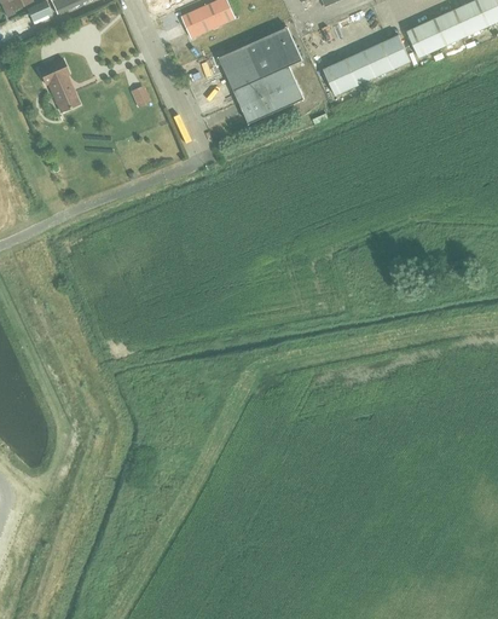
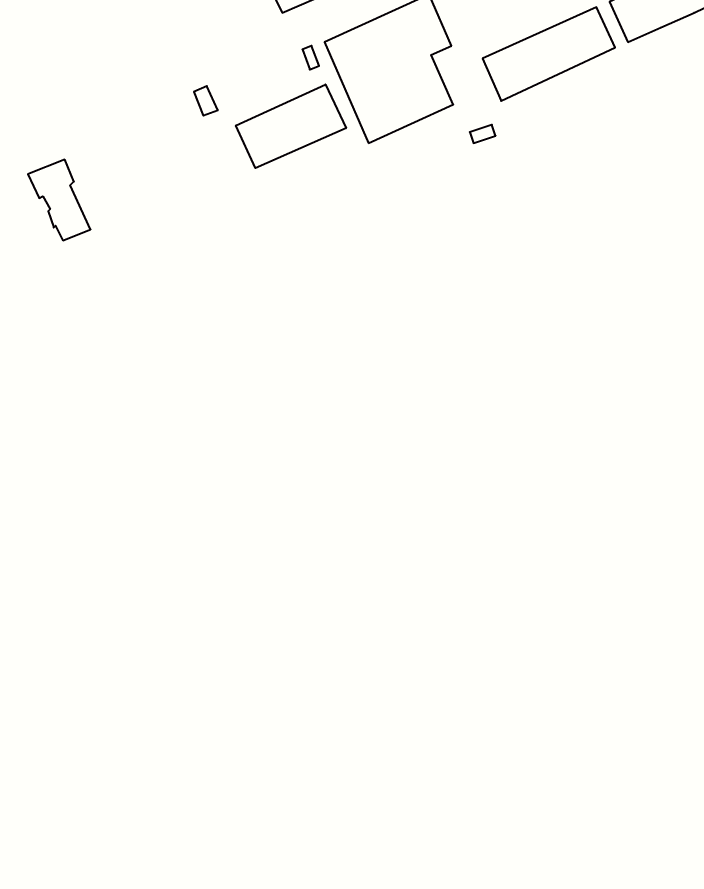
building: [37,58,79,111] -> [28,160,91,240]
building: none -> [236,84,346,168]

